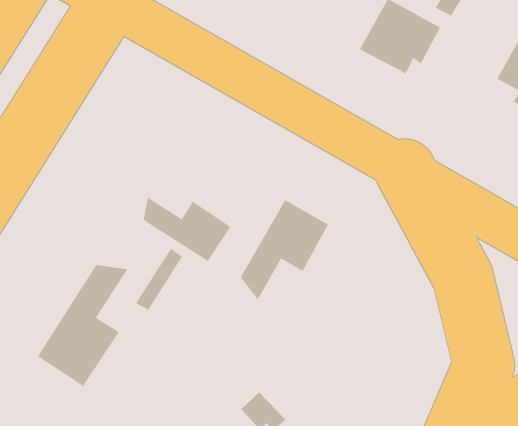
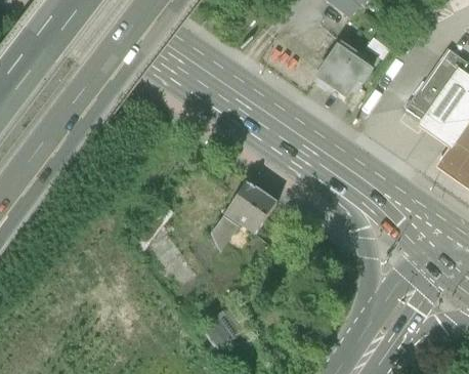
building: [143,197,231,262] -> none
building: [37,264,128,387] -> none

